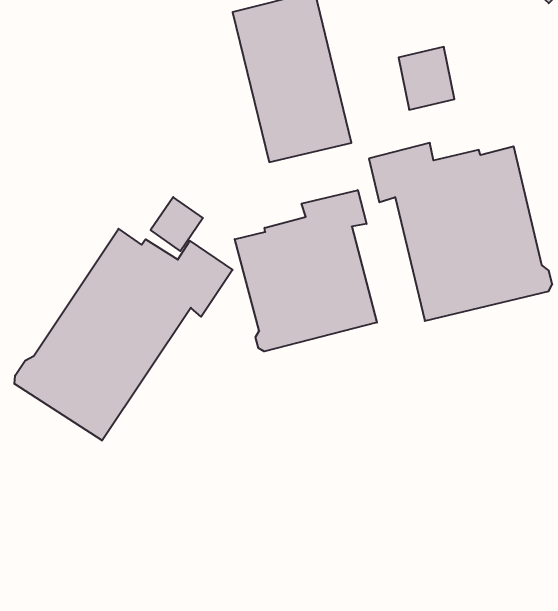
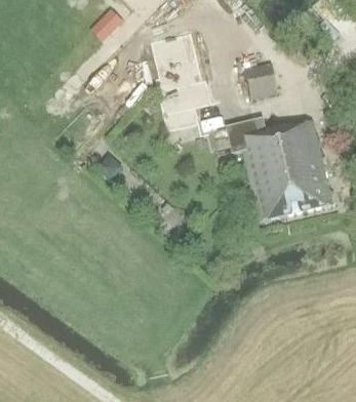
building: [235,190,377,351] -> none
building: [14,229,233,441] -> none

